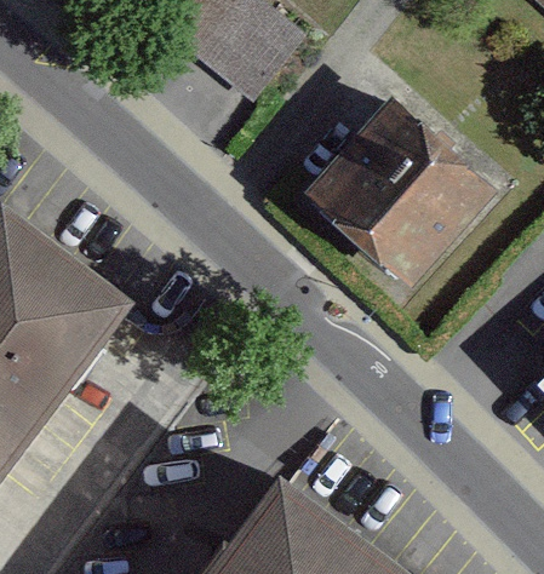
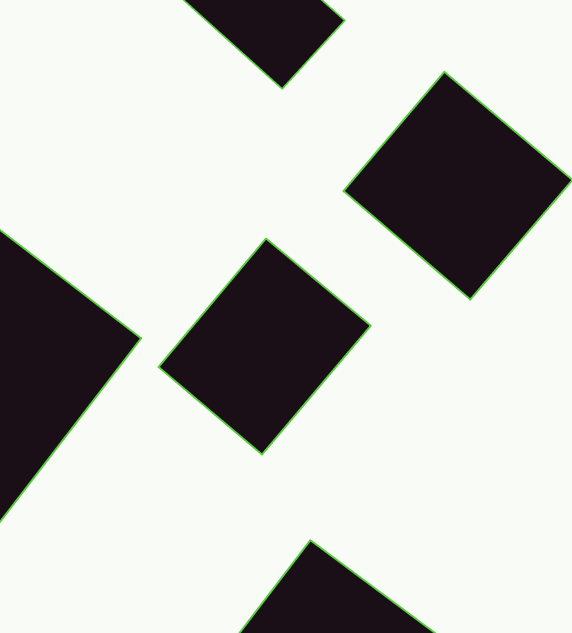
building: none -> [158,239,371,455]

